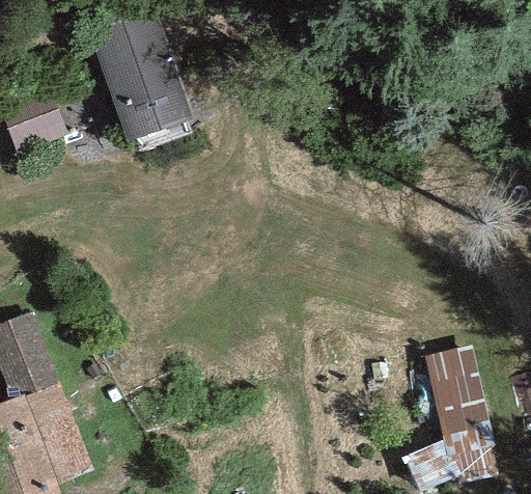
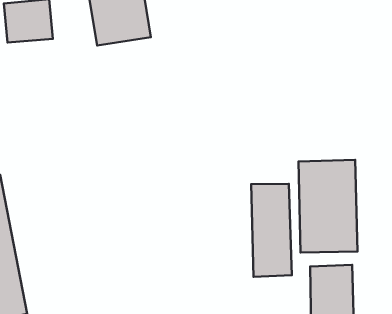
building: none -> [298,160,357,252]
building: none -> [251,184,292,277]

